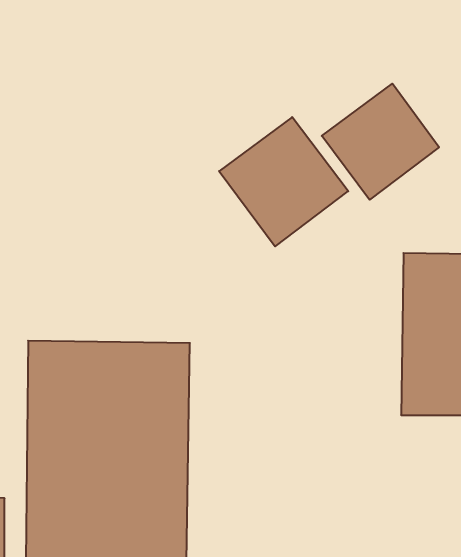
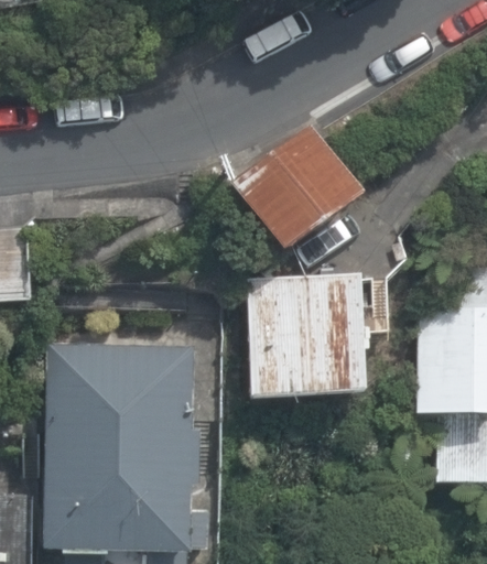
building: [322,84,439,200] -> none
building: none -> [248,278,366,399]

